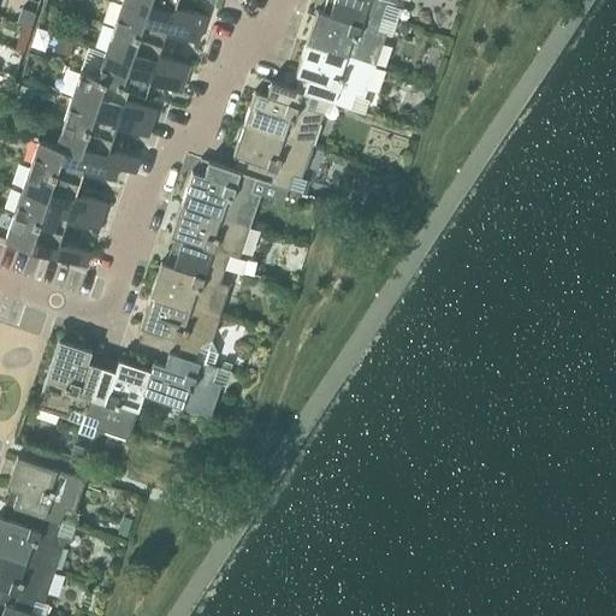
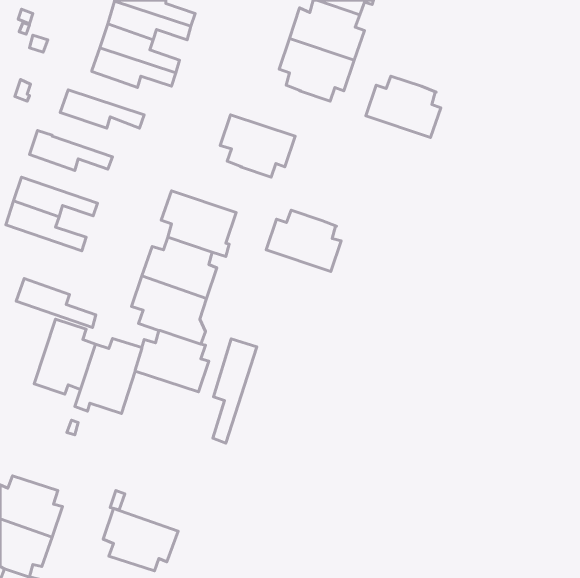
building: [72,71,158,124] -> none
building: [244,82,324,147] -> [366,76,441,137]
building: [55,122,141,174] -> none
building: [182,162,261,227] -> [266,210,341,271]
building: [23,166,107,218] -> [16,279,96,327]
building: none -> [213,339,257,443]
building: [7,456,87,522] -> [103,508,178,571]

